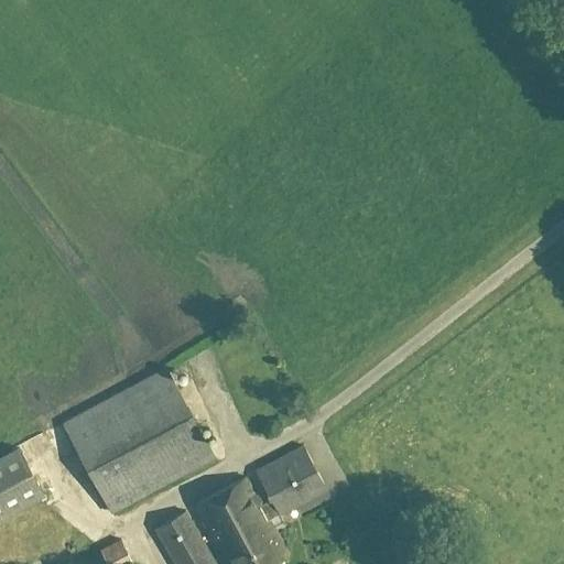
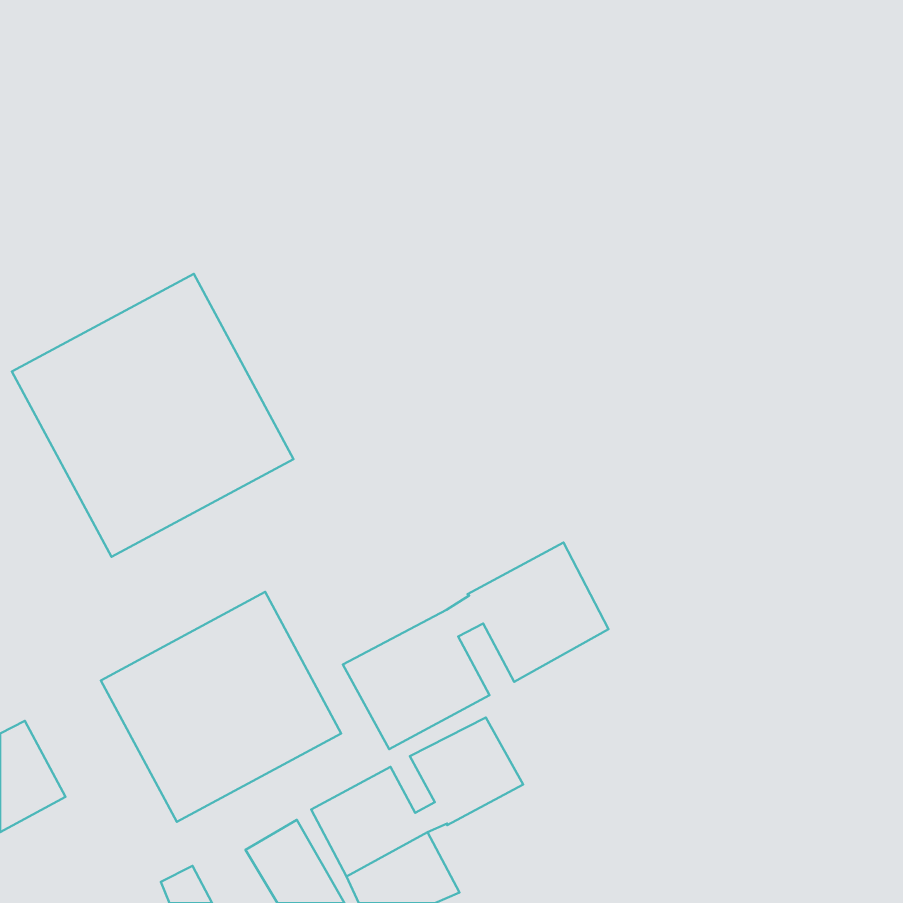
building: none -> [12,274,293,557]
building: none -> [343,543,609,749]

